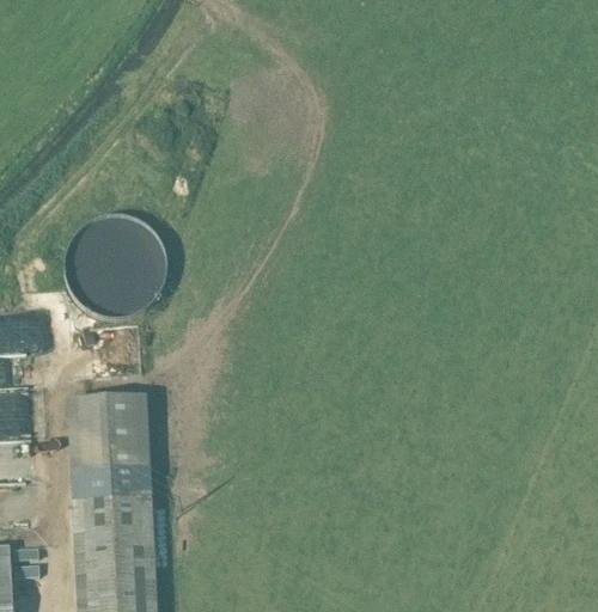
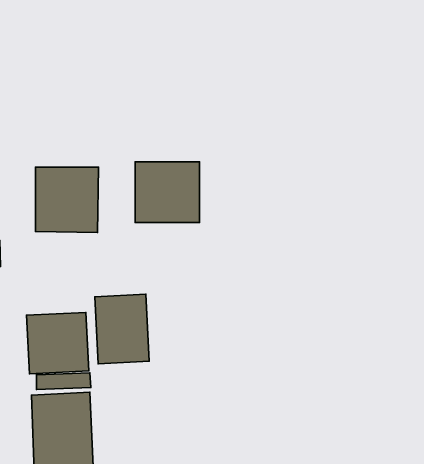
building: none -> [135,162,200,223]
building: none -> [95,294,149,364]

